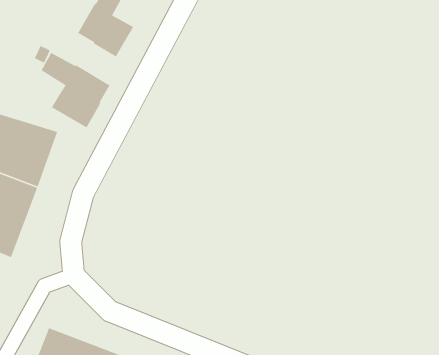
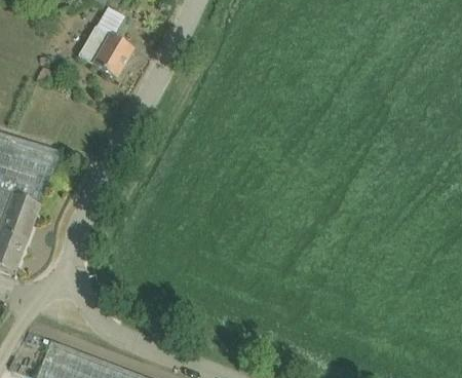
building: [41,52,111,129] -> none

